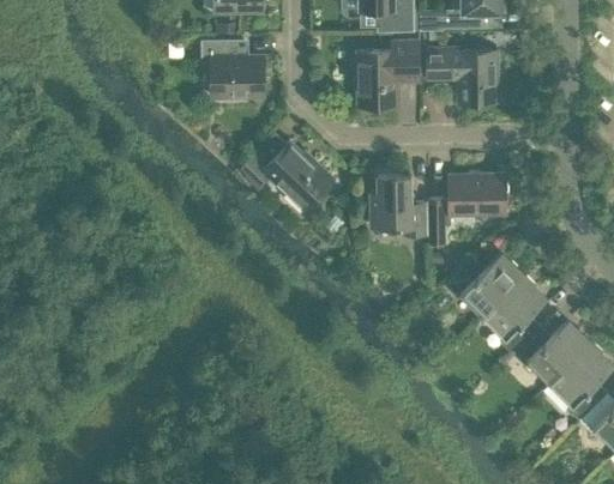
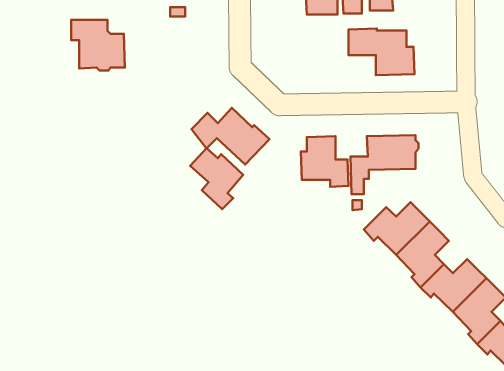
building: [200,40,264,99] -> [71,20,125,71]
building: [357,41,420,109] -> none
building: none -> [190,148,243,209]

